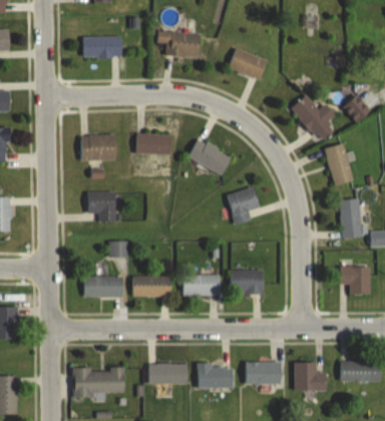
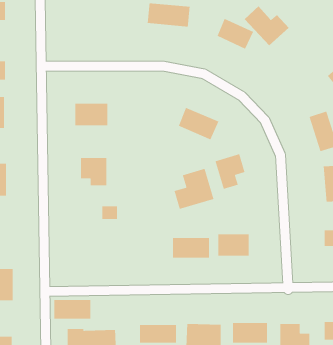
building: [83,36,122,56] -> none
building: [291,94,338,136] -> [244,6,289,46]
building: [136,133,171,153] -> none
building: none -> [174,168,214,210]
building: [131,275,171,297] -> none
building: [83,276,122,297] -> [53,299,91,320]

